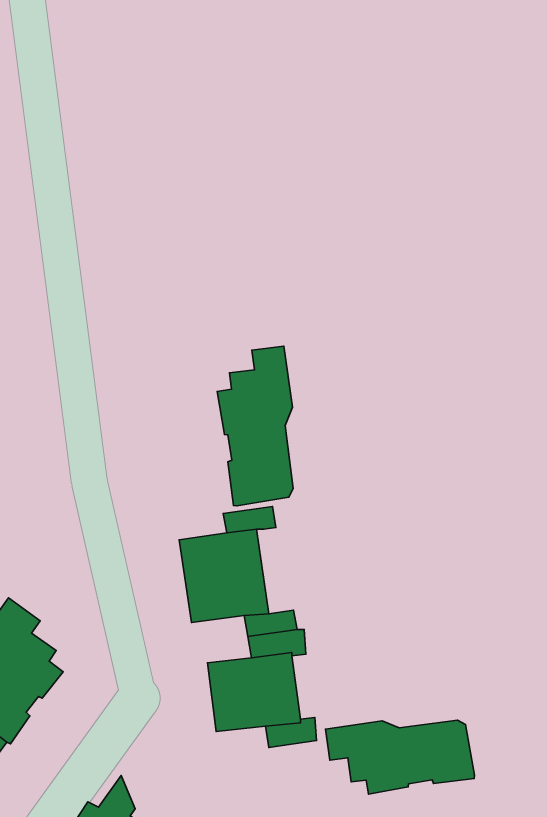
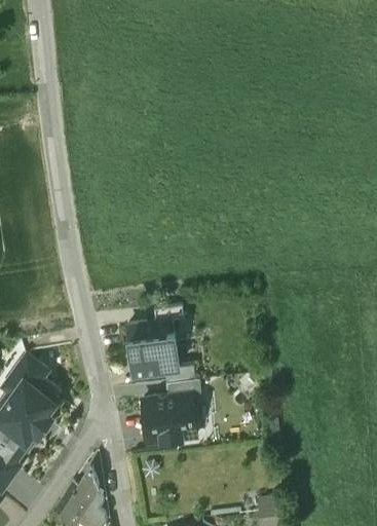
building: [217,346,293,506] -> none
building: [326,720,474,794] -> none

